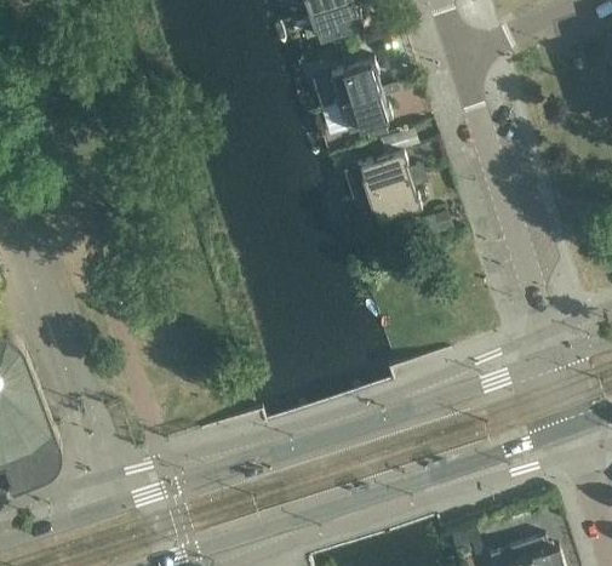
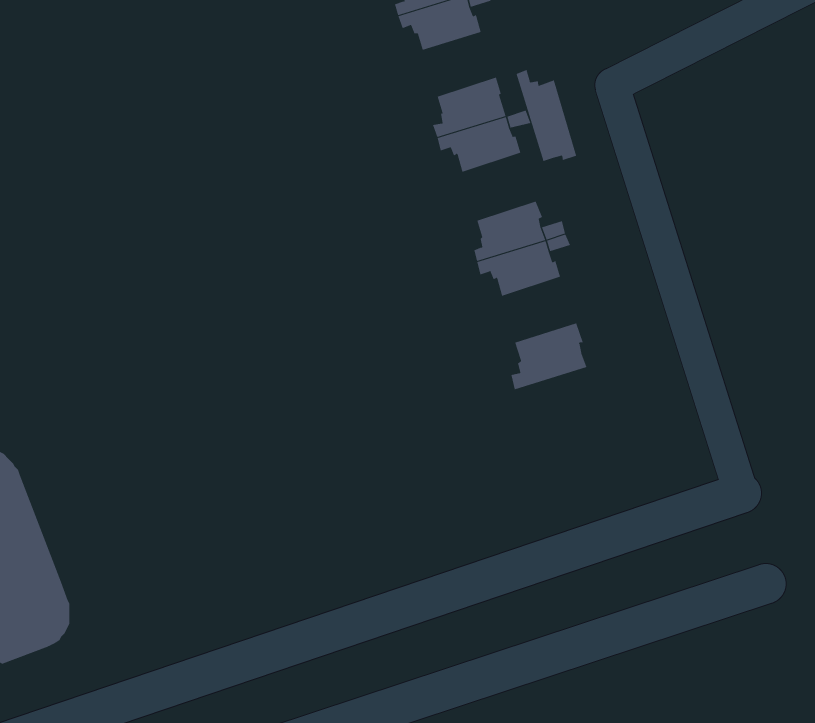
building: none -> [516,69,577,162]
building: none -> [511,323,587,390]

